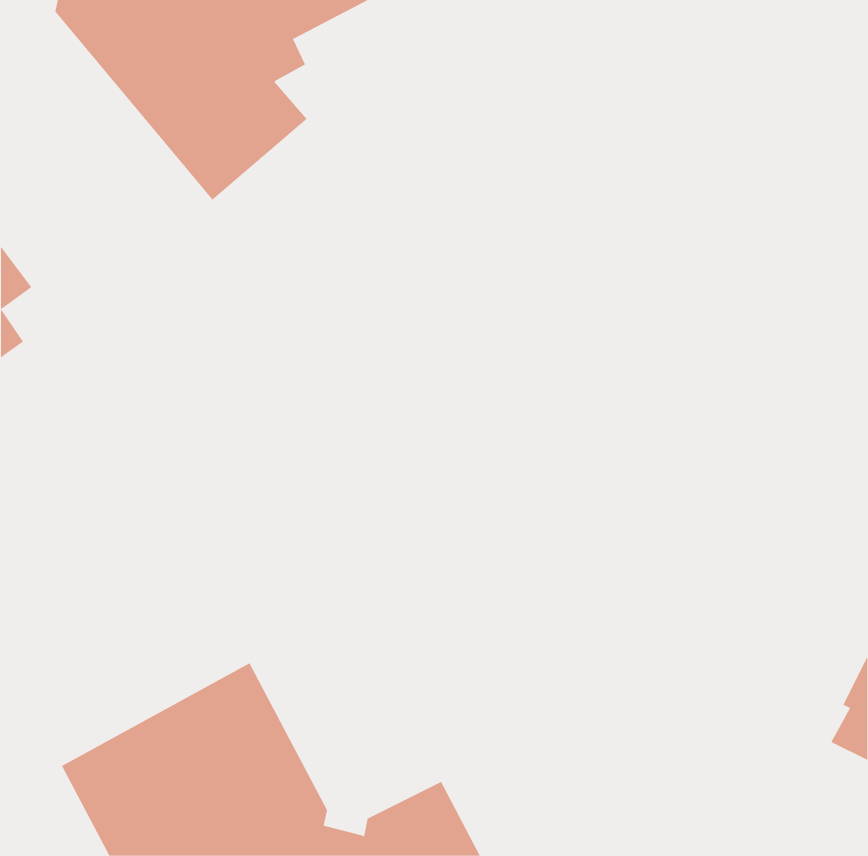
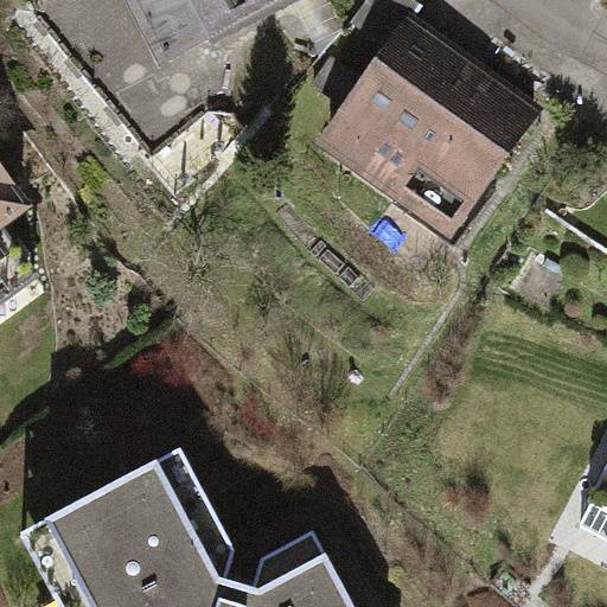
building: none -> [330,18,535,218]

